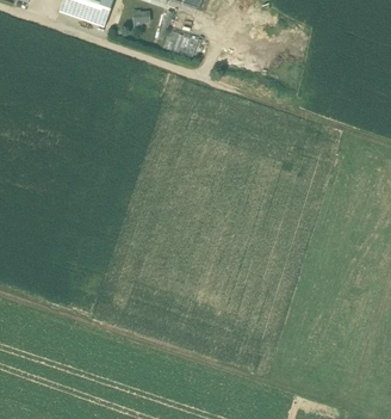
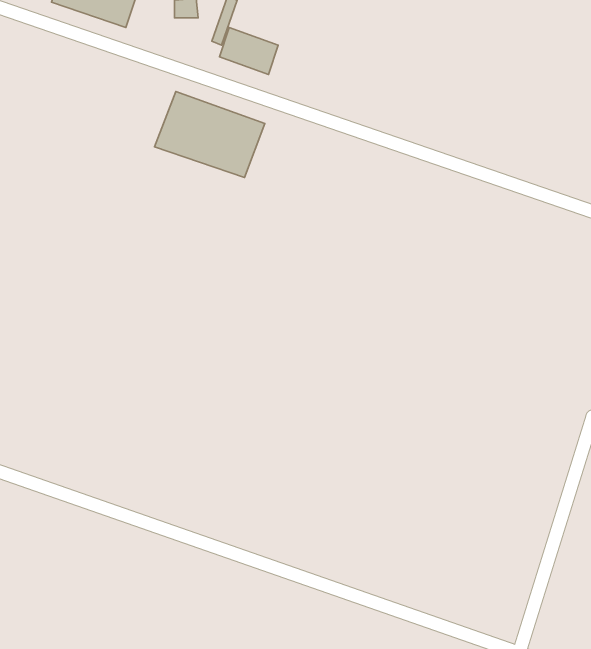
building: none -> [155,92,265,178]

